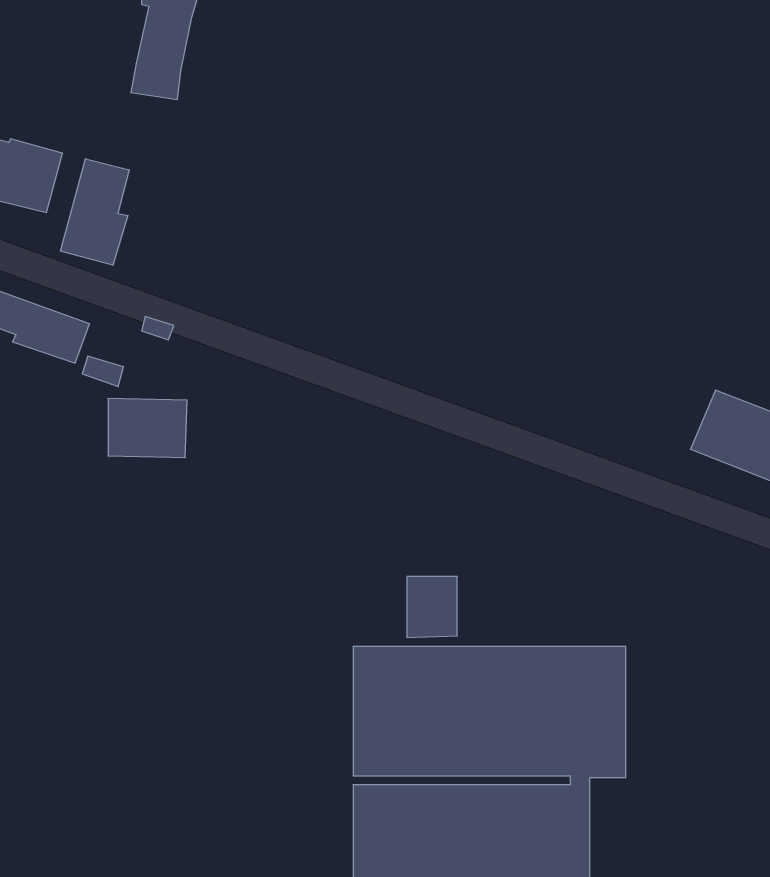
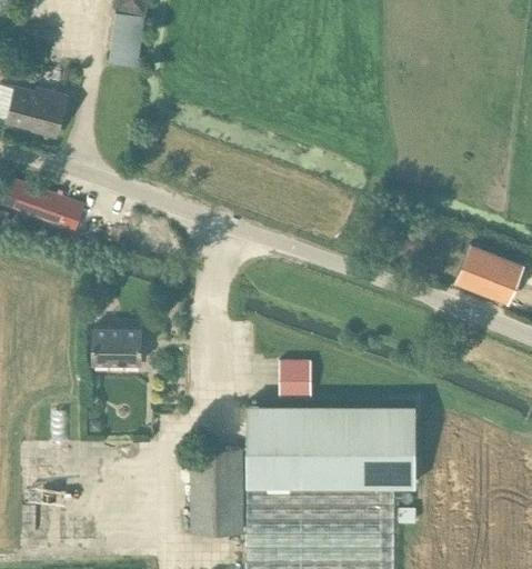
building: [60,159,129,265] -> none
building: [108,398,187,458] -> [93,329,142,366]
building: none -> [183,451,243,535]

